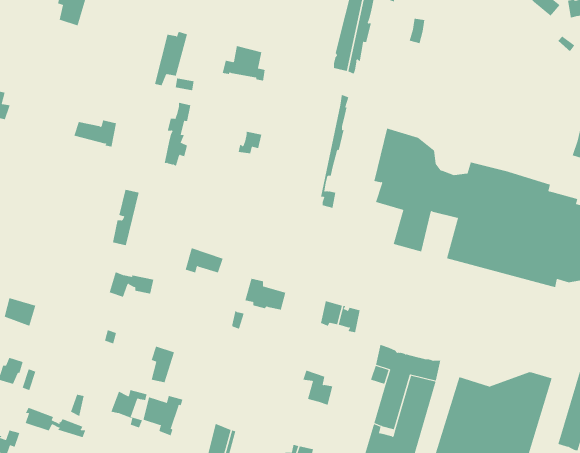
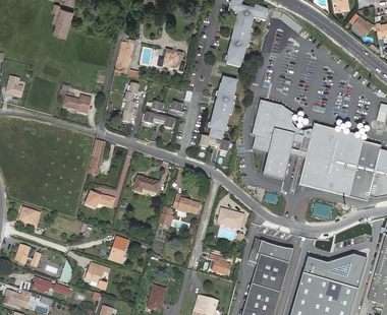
building: none -> [199,77,232,146]
building: none -> [143,104,173,131]
building: [143,395,183,436] -> none

